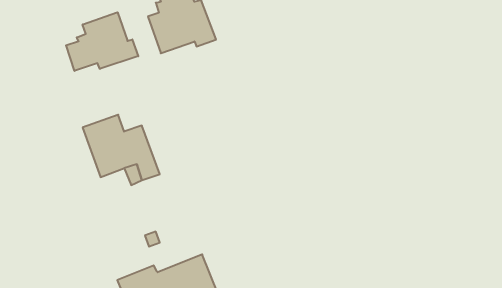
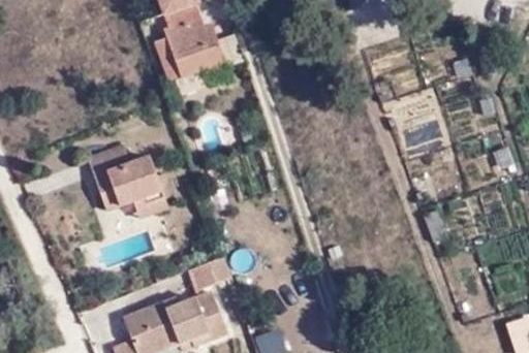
building: [66,12,138,71] -> none
building: none -> [189,255,231,290]

